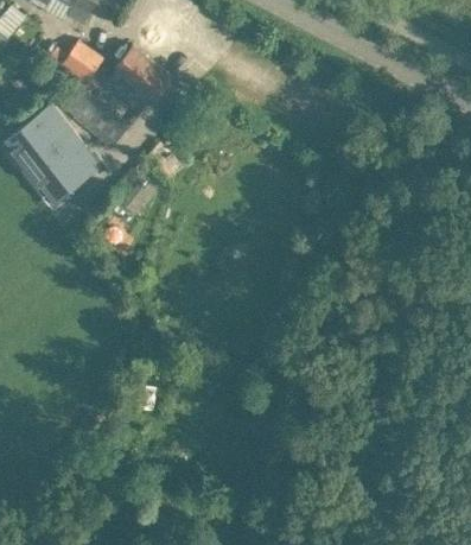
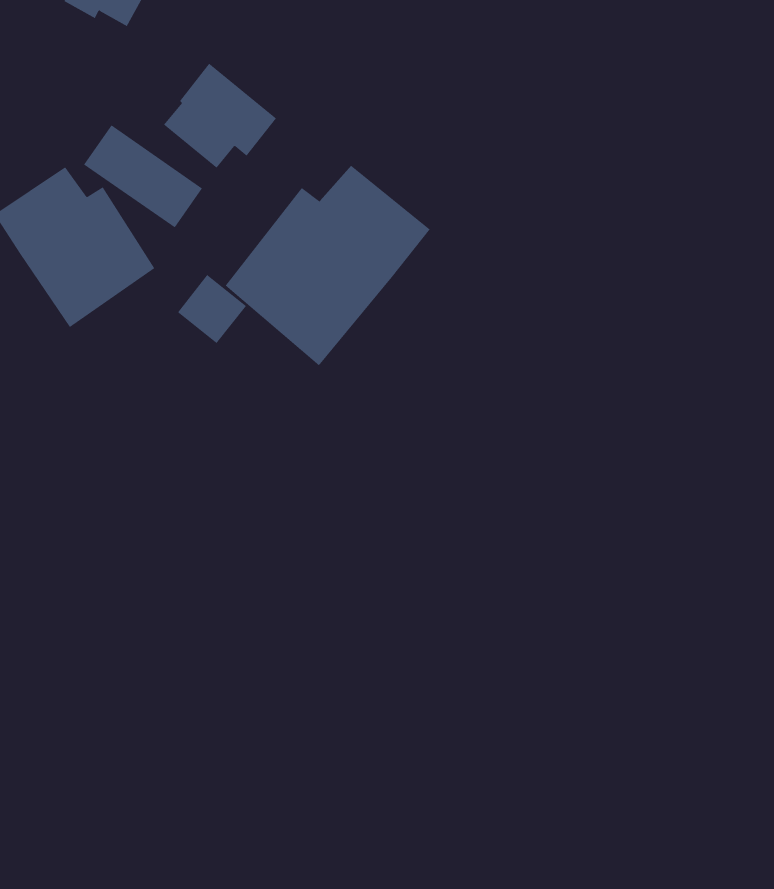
building: [64,43,104,82] -> none
building: none -> [225,165,431,366]

